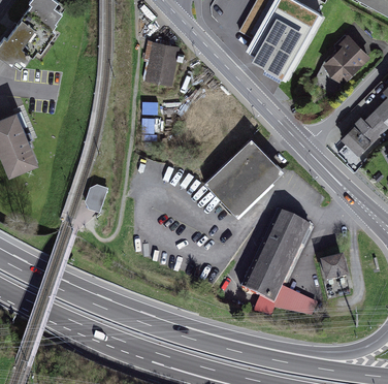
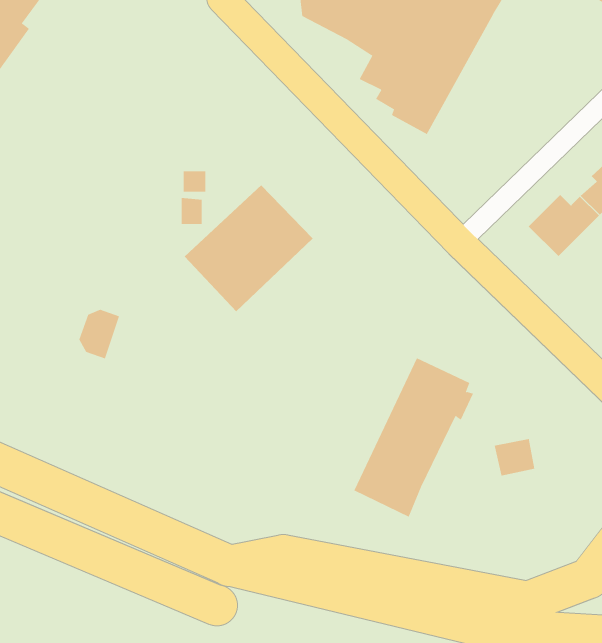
building: [323,38,366,82] -> none
building: [144,44,176,85] -> none
building: [204,141,279,215] -> [184,185,313,312]
building: [273,287,317,315] -> none

